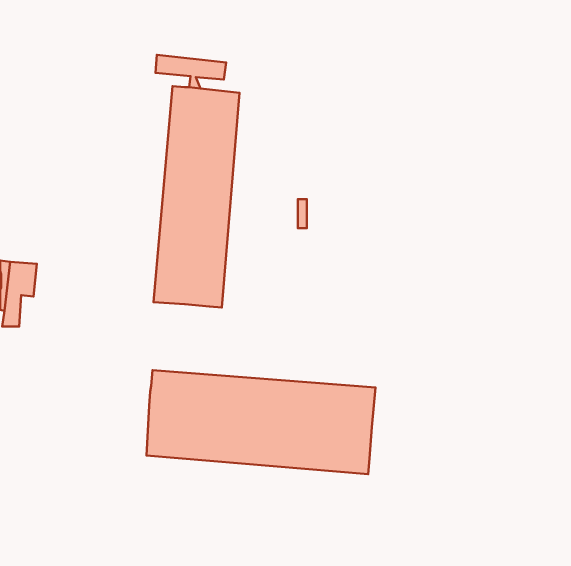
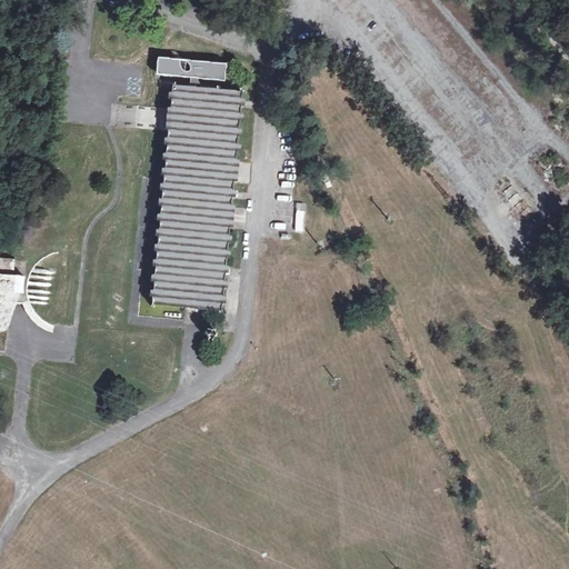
building: [146,370,376,474] -> none

